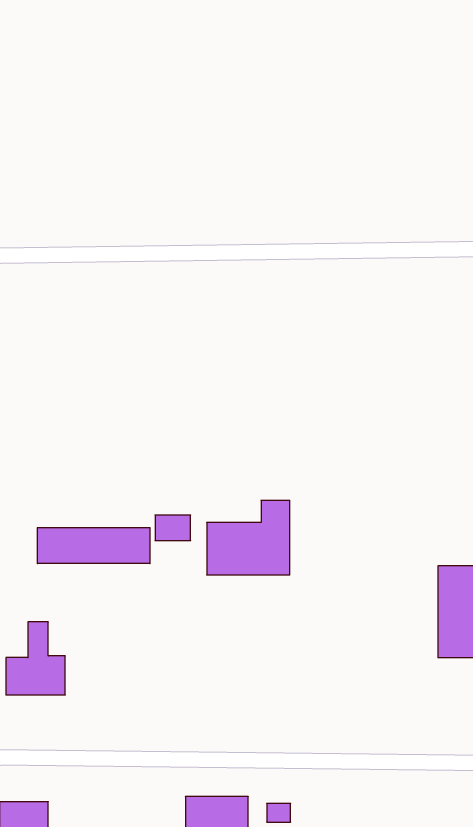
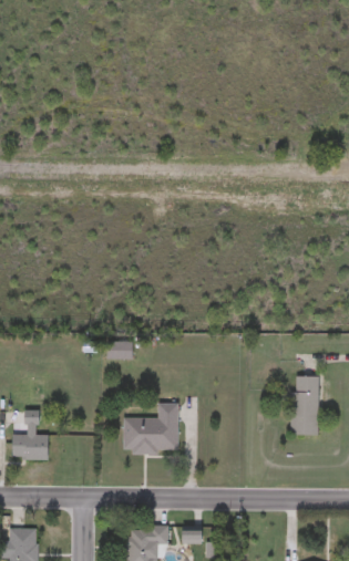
building: [207,500,290,575] -> [123,404,177,453]
building: [37,528,150,564] -> none

